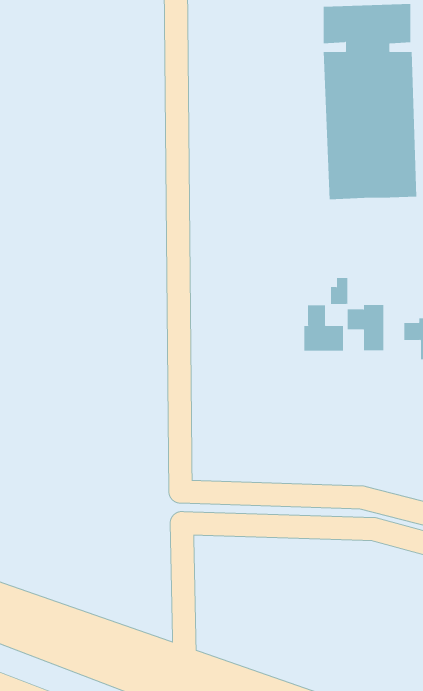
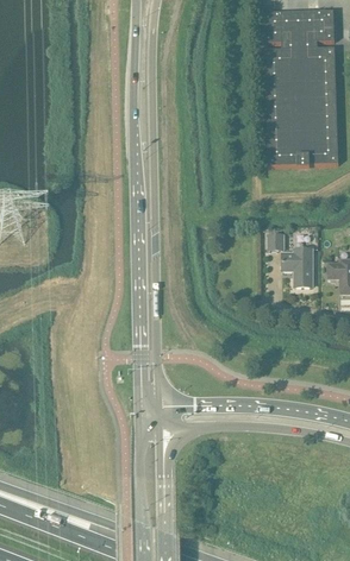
building: [304,305,344,351] -> none

